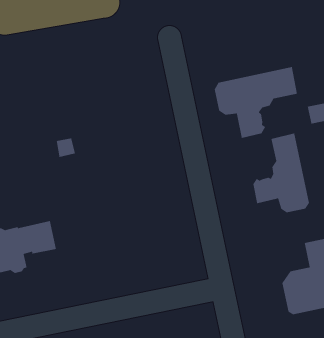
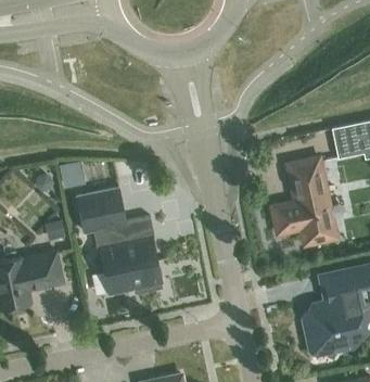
building: [214,66,298,139] -> none
building: none -> [77,188,163,294]

